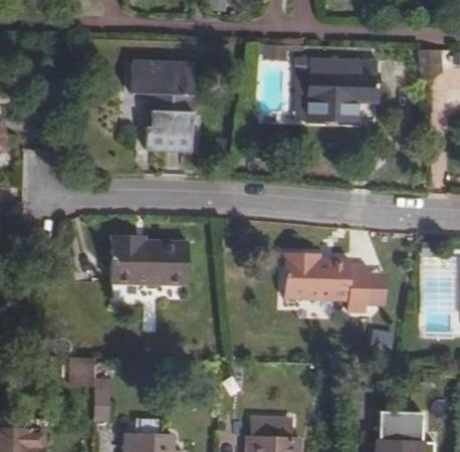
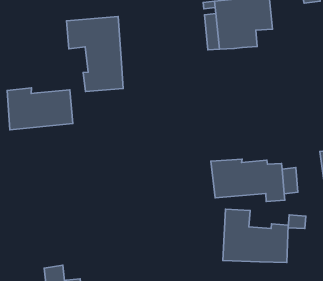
building: [109,234,188,283] -> [7,88,73,130]
building: none -> [223,209,288,263]

